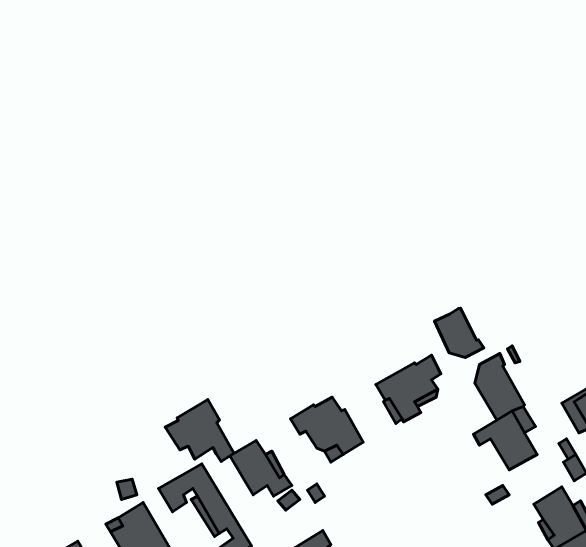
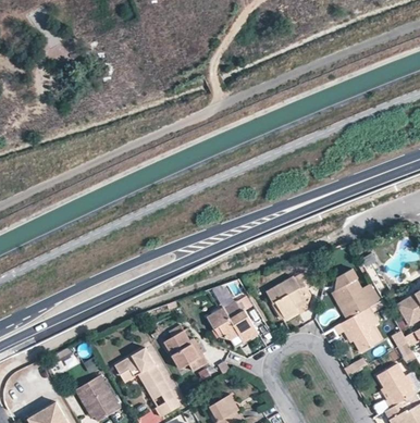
building: [434,308,484,357] -> none
building: [165,399,234,462] -> none

